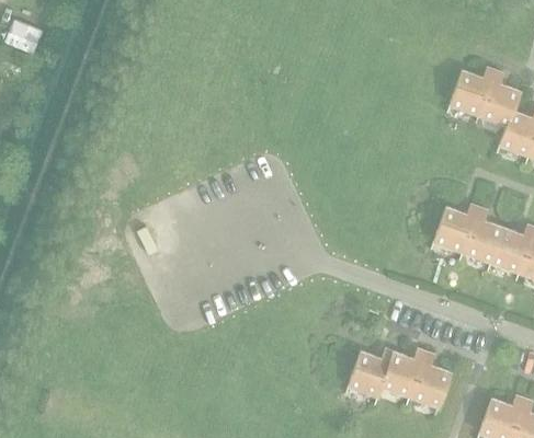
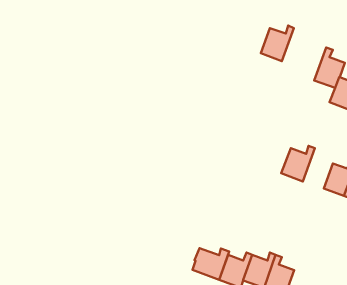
building: [450,68,495,116] -> [261,26,294,61]
building: [463,208,503,263] -> none
building: none -> [192,248,229,280]

